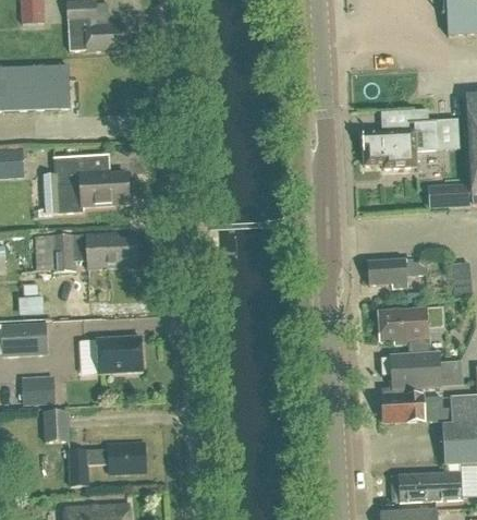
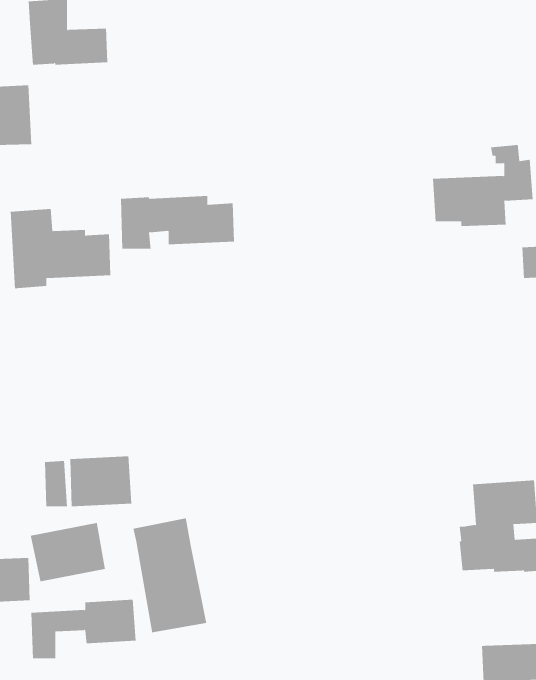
building: [53,232,137,271] -> [120,195,235,249]
building: [368,259,426,287] -> none
building: [379,306,430,343] -> none
building: none -> [133,518,207,633]
building: none -> [30,522,105,582]

